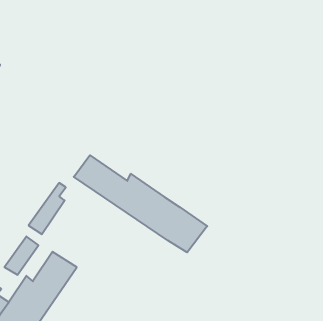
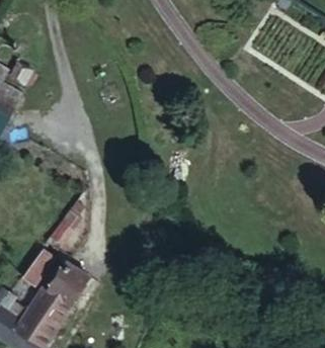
building: [74,155,207,252] -> none

